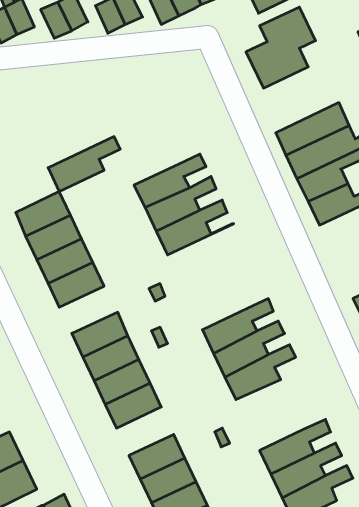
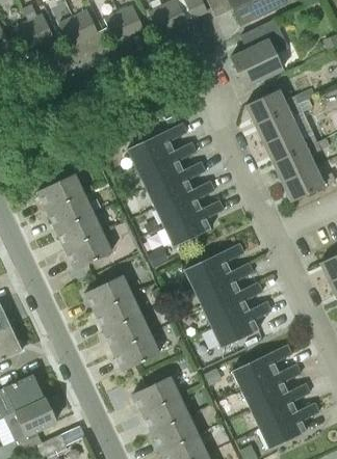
building: none -> [245,88,315,125]
building: [48,137,120,191] -> [127,123,187,168]
building: none -> [164,200,224,246]
building: none -> [184,243,244,289]
building: none -> [232,344,291,389]

